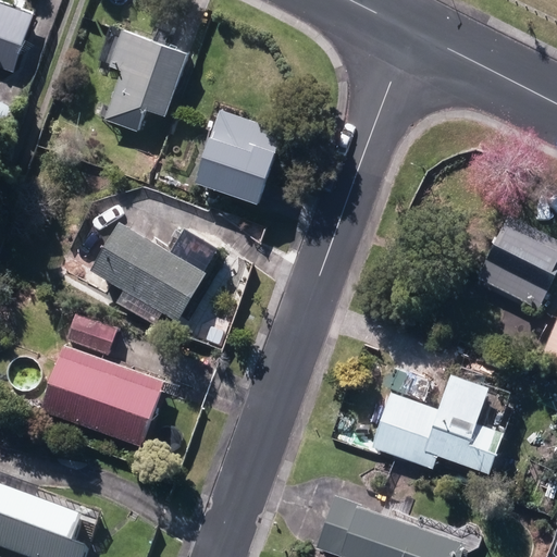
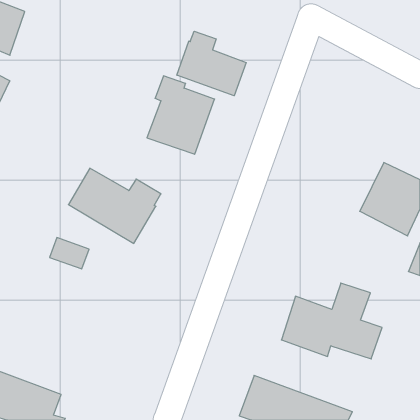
building: [103,30,187,132] -> none
building: none -> [177,31,246,96]
building: [39,345,177,446] -> none

